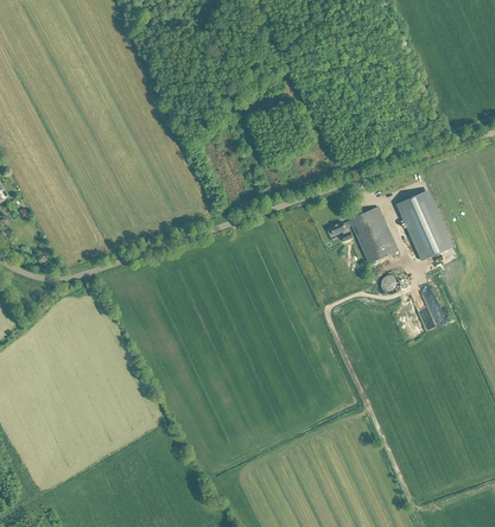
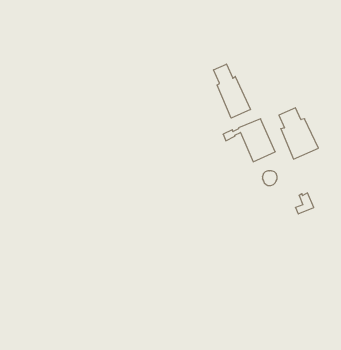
building: none -> [214,64,250,118]

